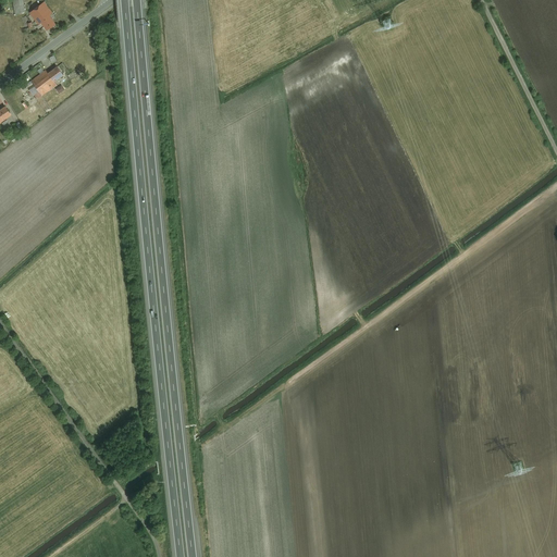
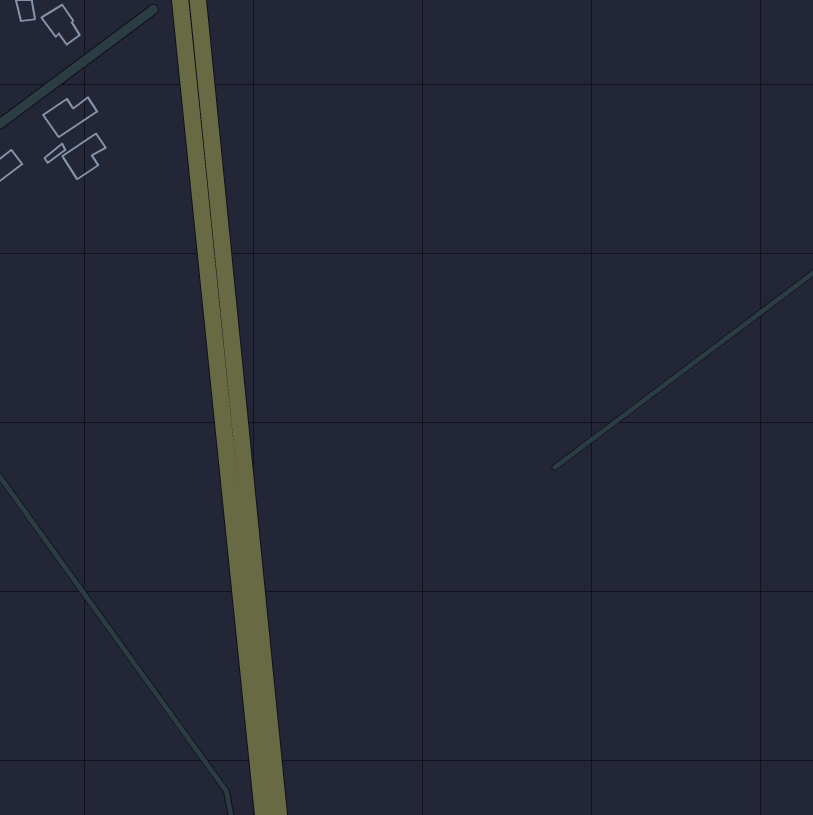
building: none -> [63,134,106,179]

